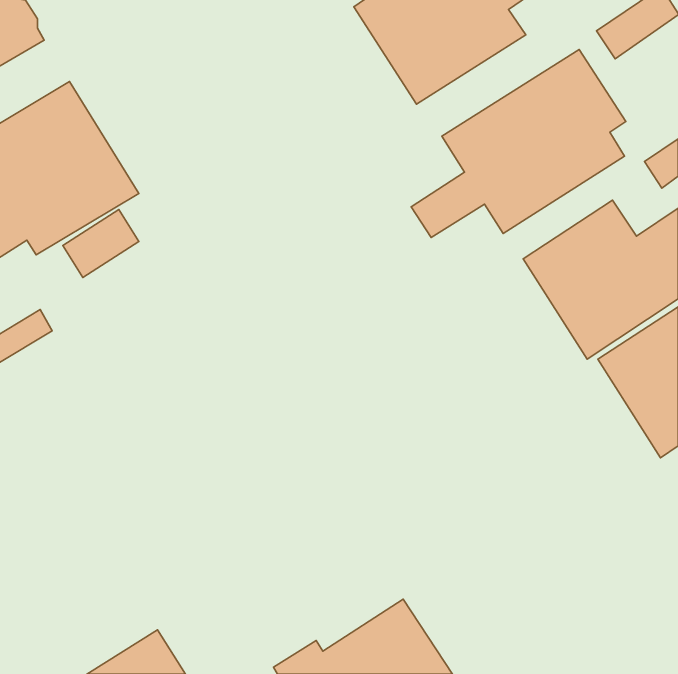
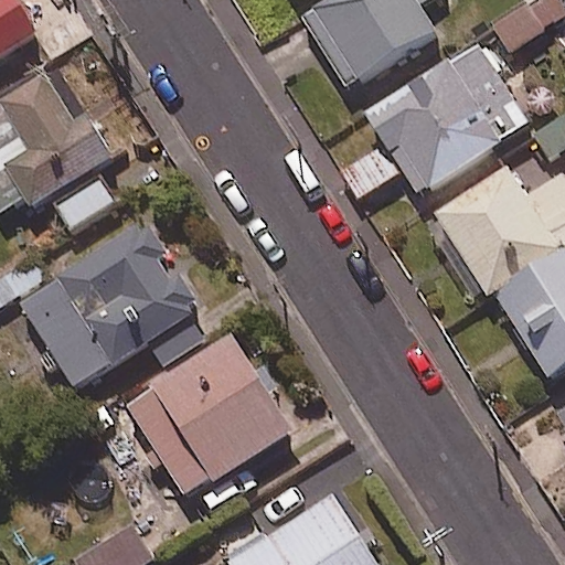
building: none -> [22,225,202,390]
building: none -> [126,333,294,493]

